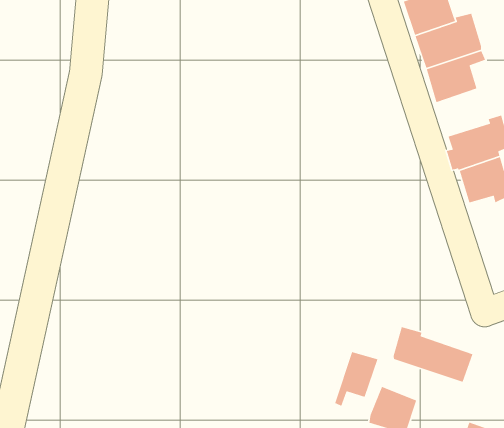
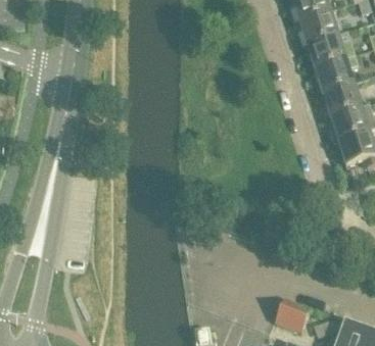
building: none -> [323,84,361,117]
building: [393,326,473,383] -> none
building: [334,351,379,407] -> none

